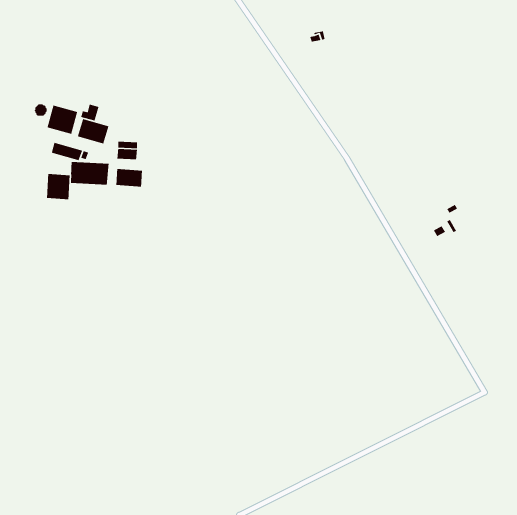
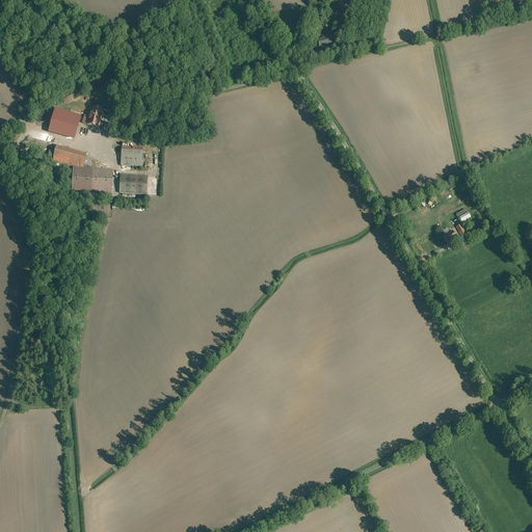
building: [77,118,110,145] -> none
building: [46,173,70,200] -> none

